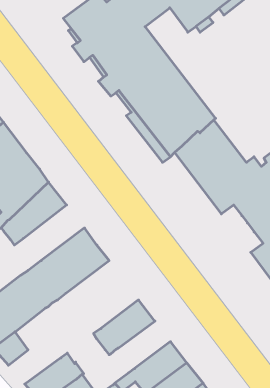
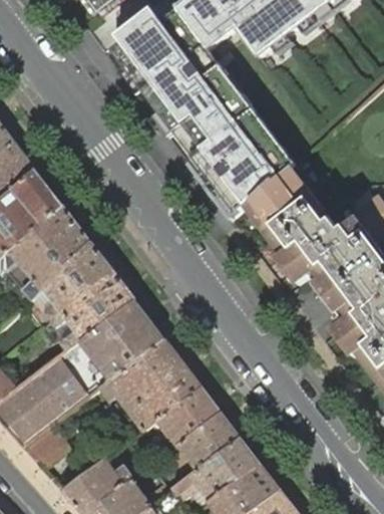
building: none -> [49,272,135,352]
building: none -> [102,340,202,431]
building: none -> [167,415,241,473]

